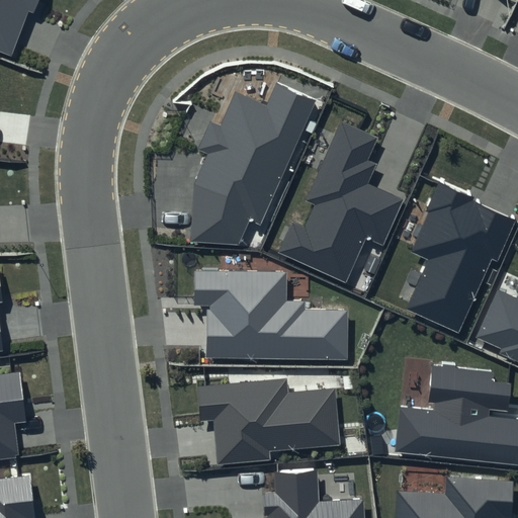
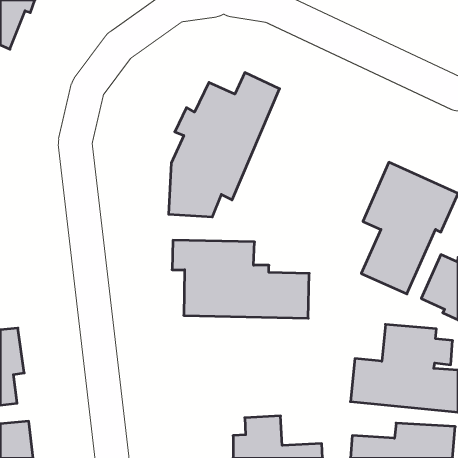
building: [278,121,406,282] -> none
building: [197,378,340,464] -> none

